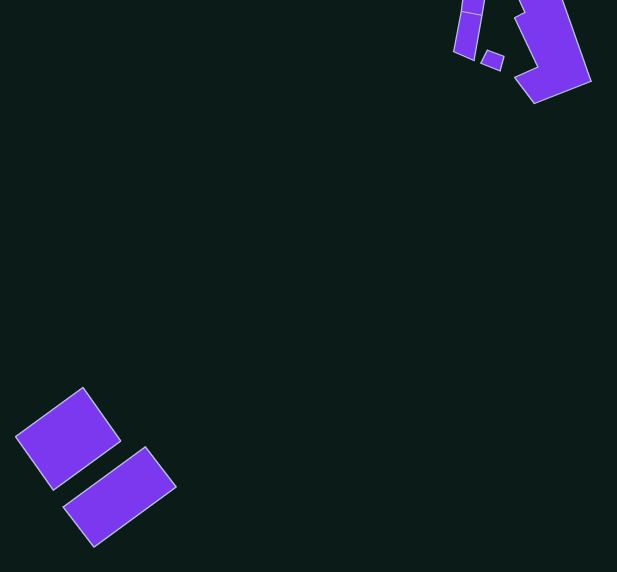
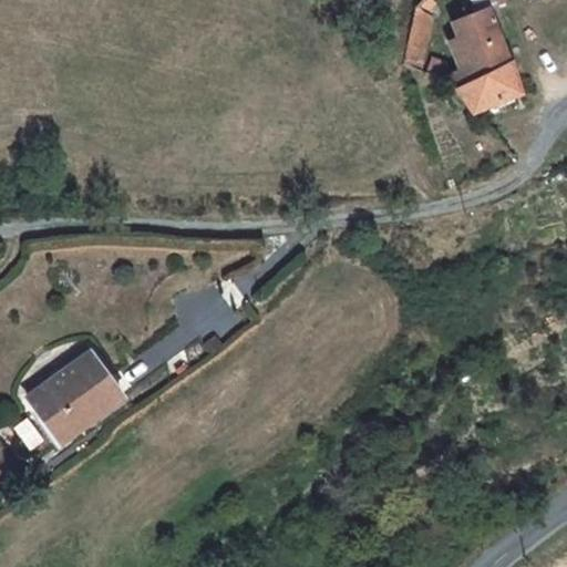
building: [63,447,176,547] -> none

